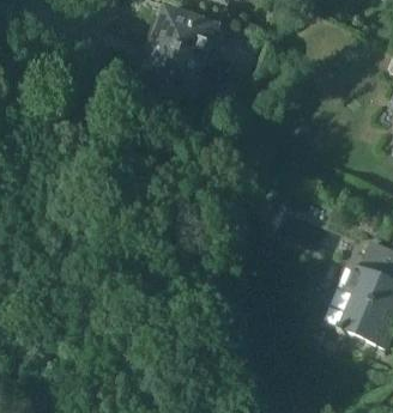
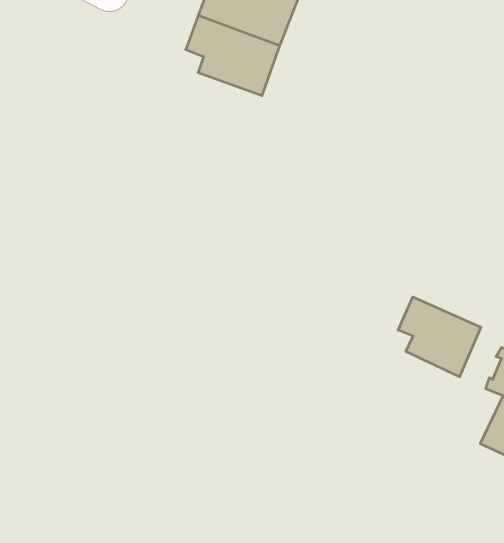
building: none -> [398,297,481,377]

